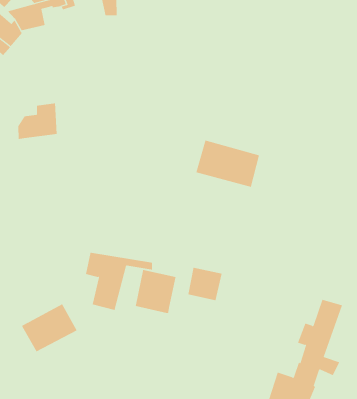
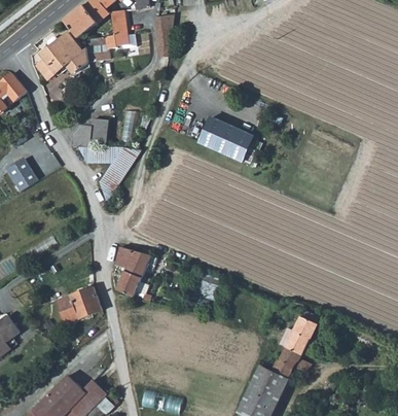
building: none -> [78,147,139,204]
building: [195,140,260,188] -> [196,117,251,162]
building: [135,269,176,314] -> none

